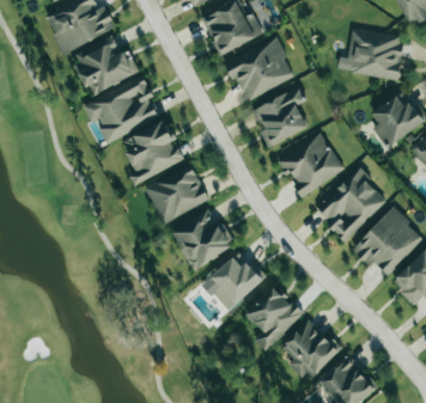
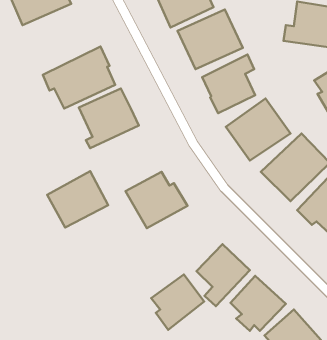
building: [73,33,138,96] -> none
building: [145,164,209,224] -> [47,171,108,228]
building: [209,251,266,310] -> [151,275,204,330]

